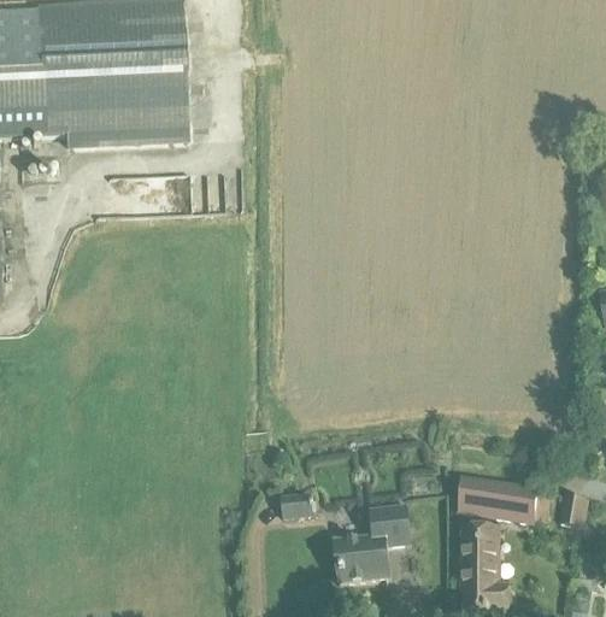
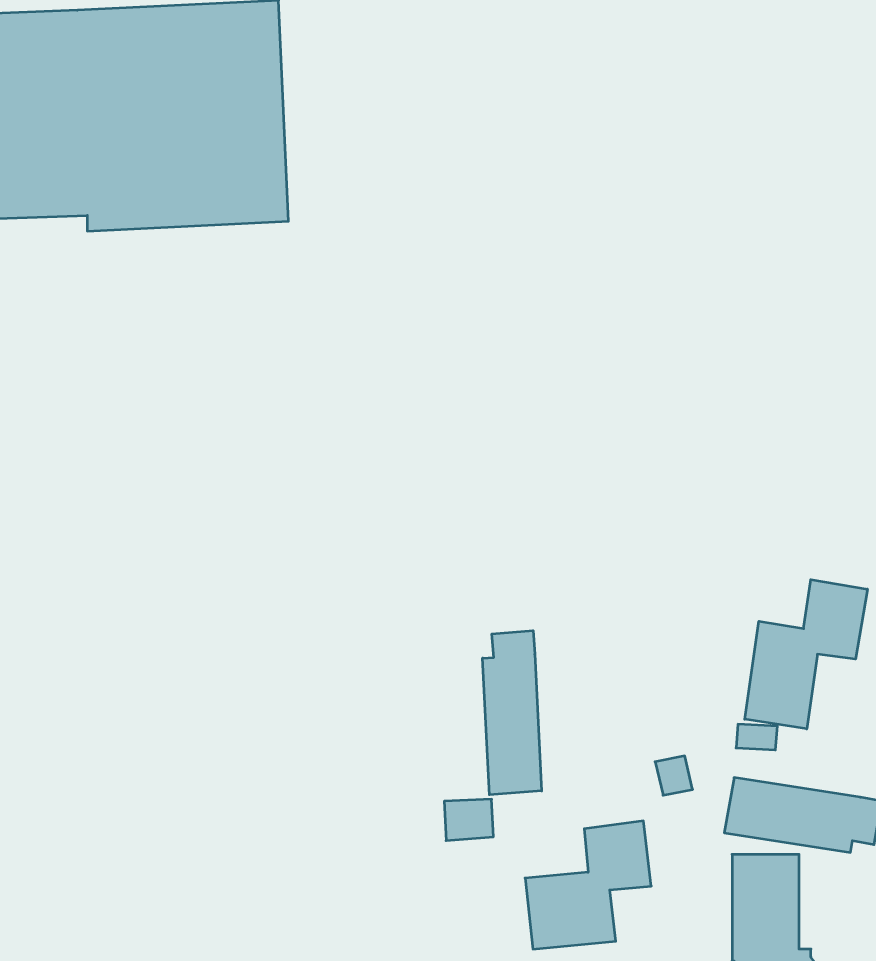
building: none -> [745,580,867,729]
building: none -> [483,631,542,795]

